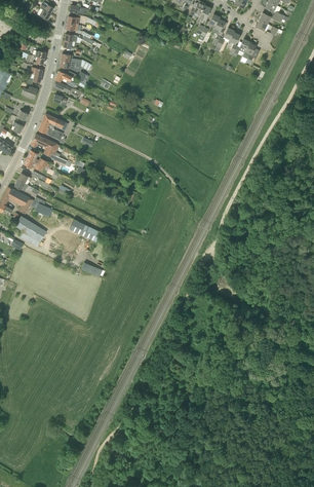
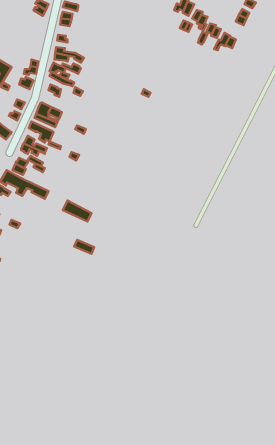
building: [14,216,46,247] -> none

